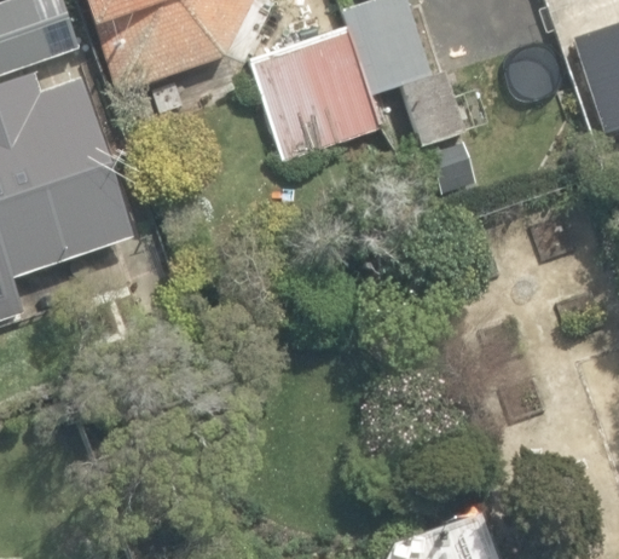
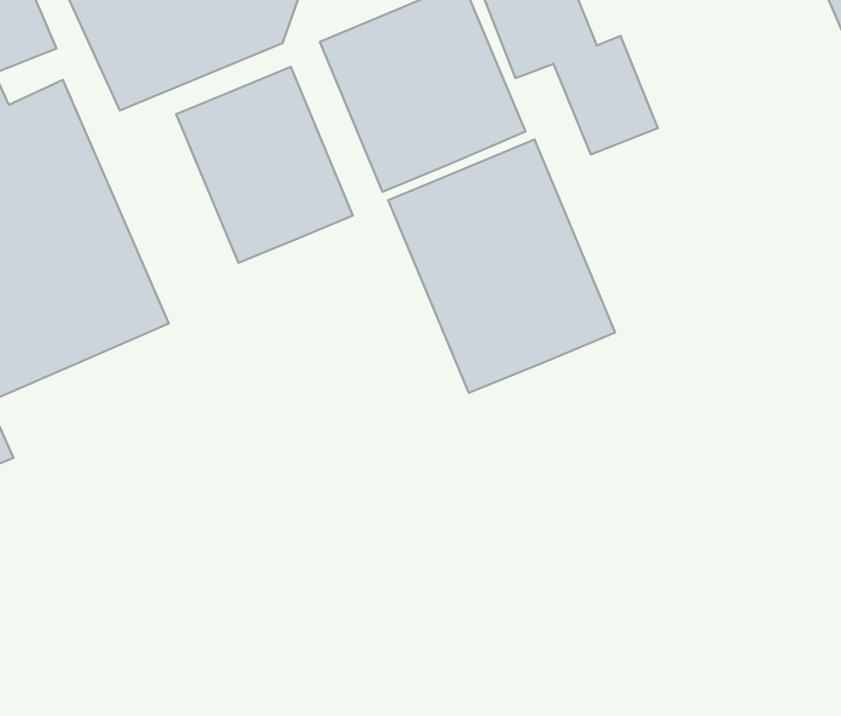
building: none -> [176,67,353,263]
building: none -> [388,140,615,393]

